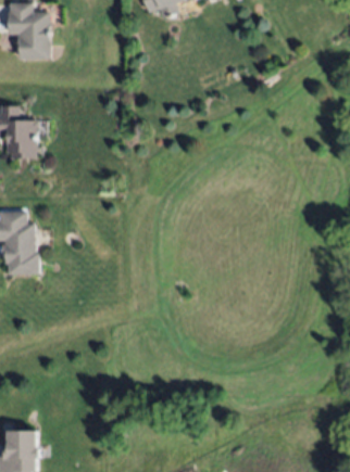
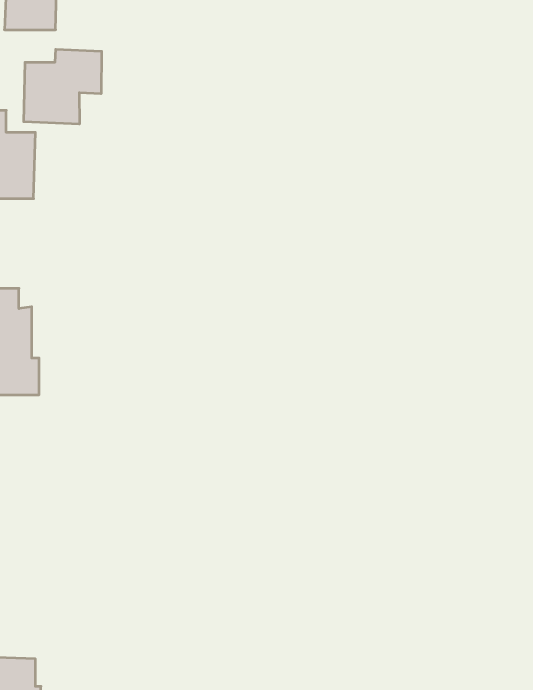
building: none -> [24,49,102,124]

